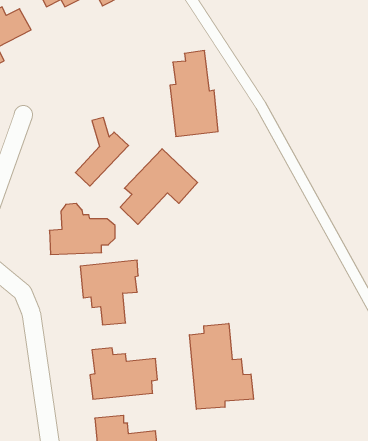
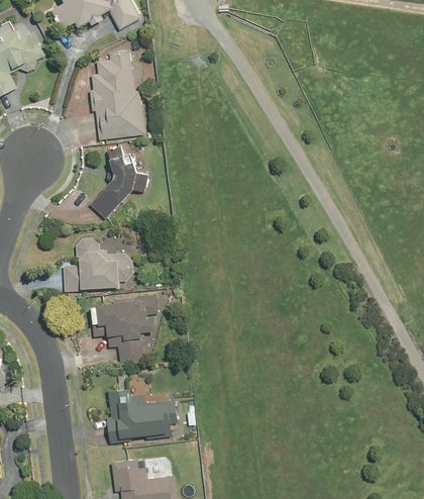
building: [170,51,218,136] -> [92,48,142,138]
building: [120,149,198,224] -> none
building: [189,323,253,409] -> none

